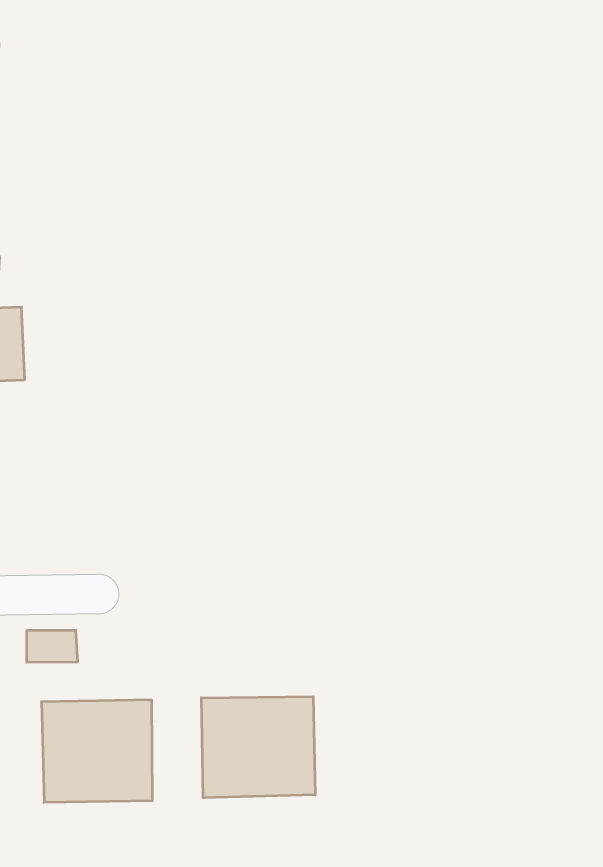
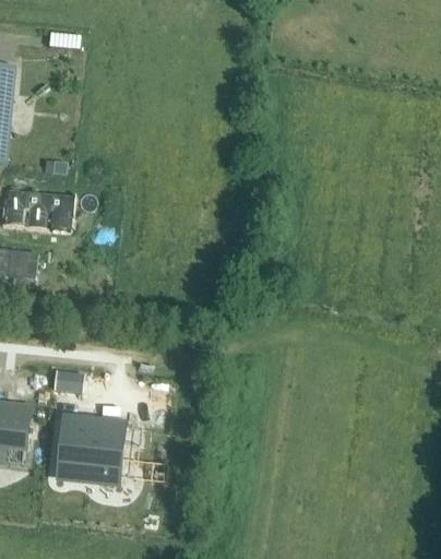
building: [201,697,315,798] -> none

